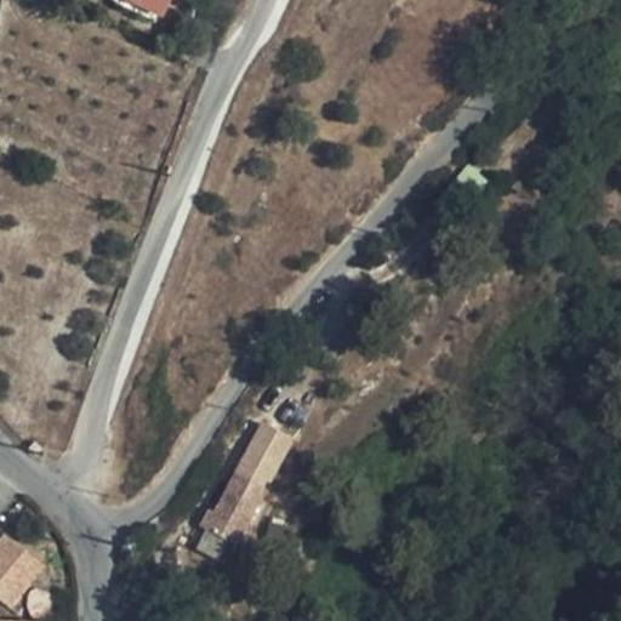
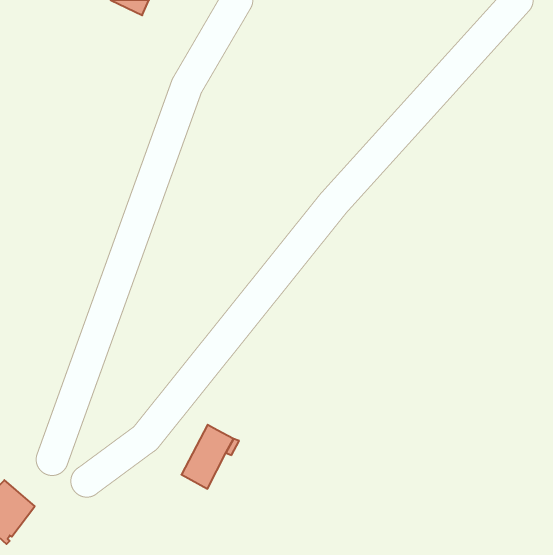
building: [232,423,287,482] -> none

